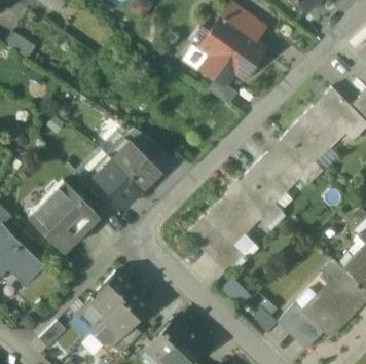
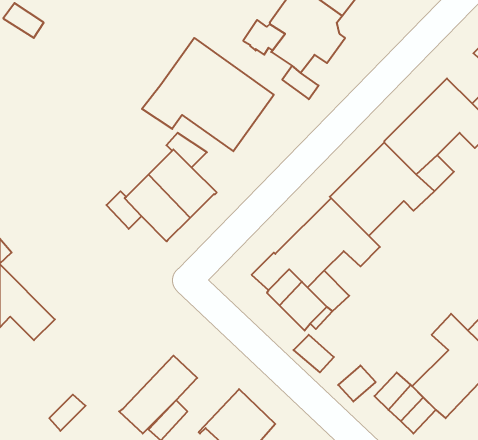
building: none -> [142,38,274,151]
building: [26,181,98,252] -> none
building: [74,272,132,331] -> none

